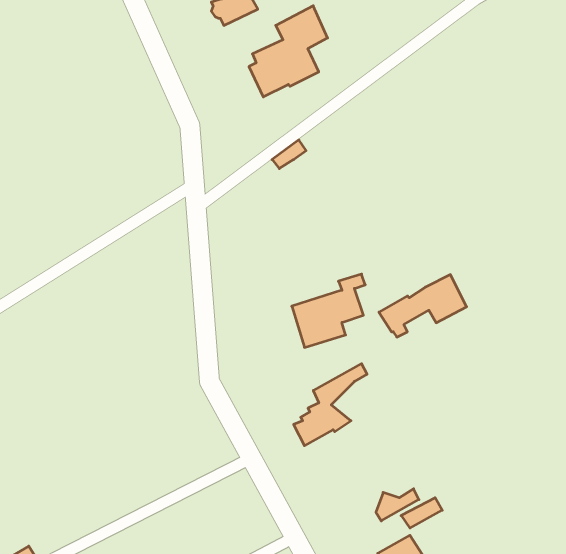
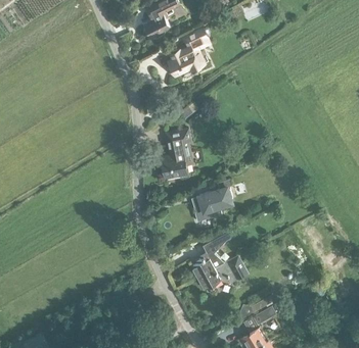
building: none -> [159,129,193,179]
building: [379,275,467,337] -> [197,255,248,291]

